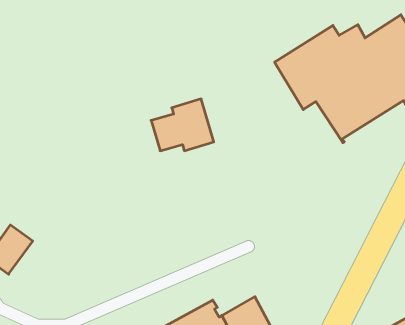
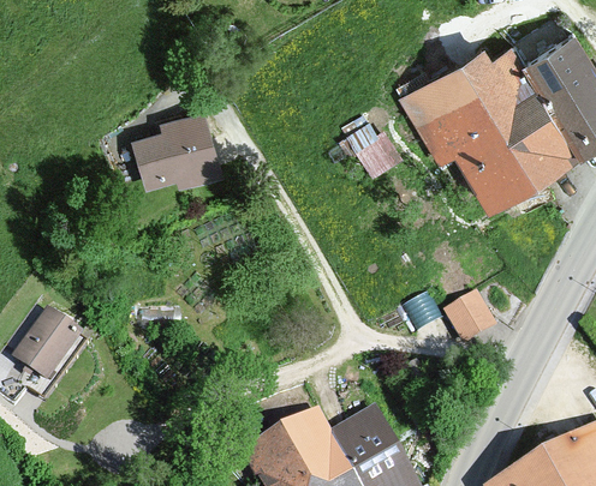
building: [151,99,214,151] -> [136,114,220,184]
building: none -> [447,296,503,349]

